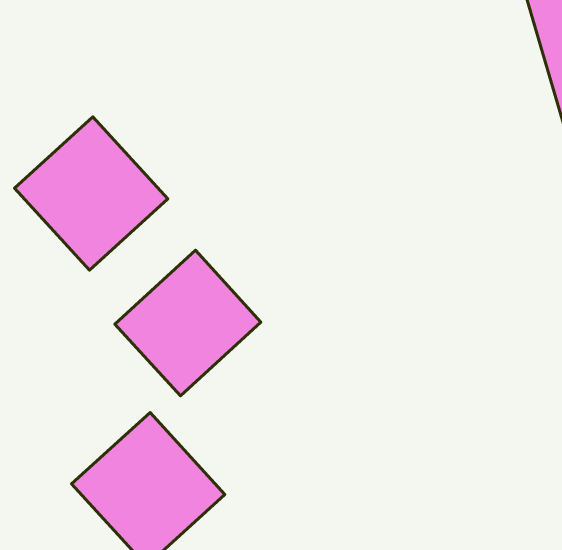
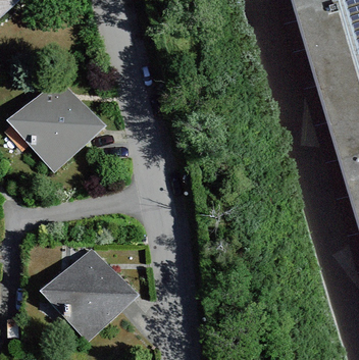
building: [115,250,261,396] -> none

